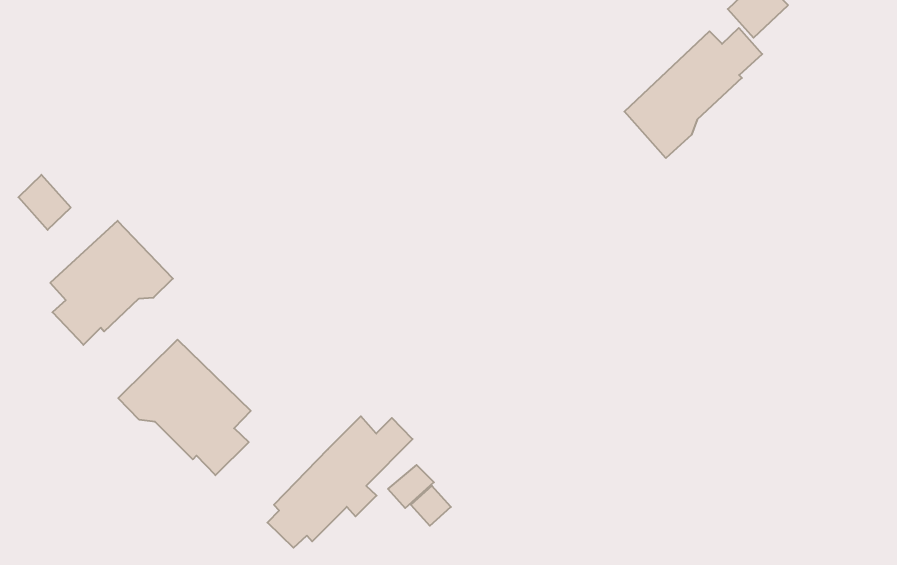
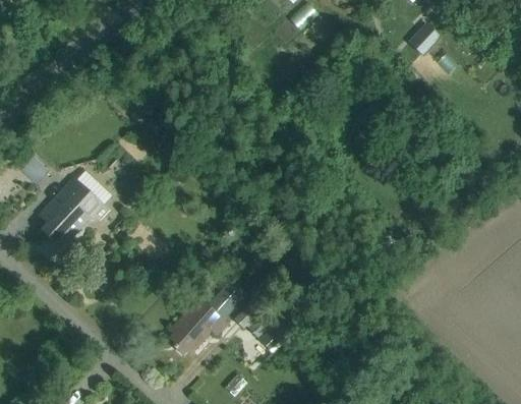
building: [624,28,762,158] -> none
building: [118,340,251,475] -> none

